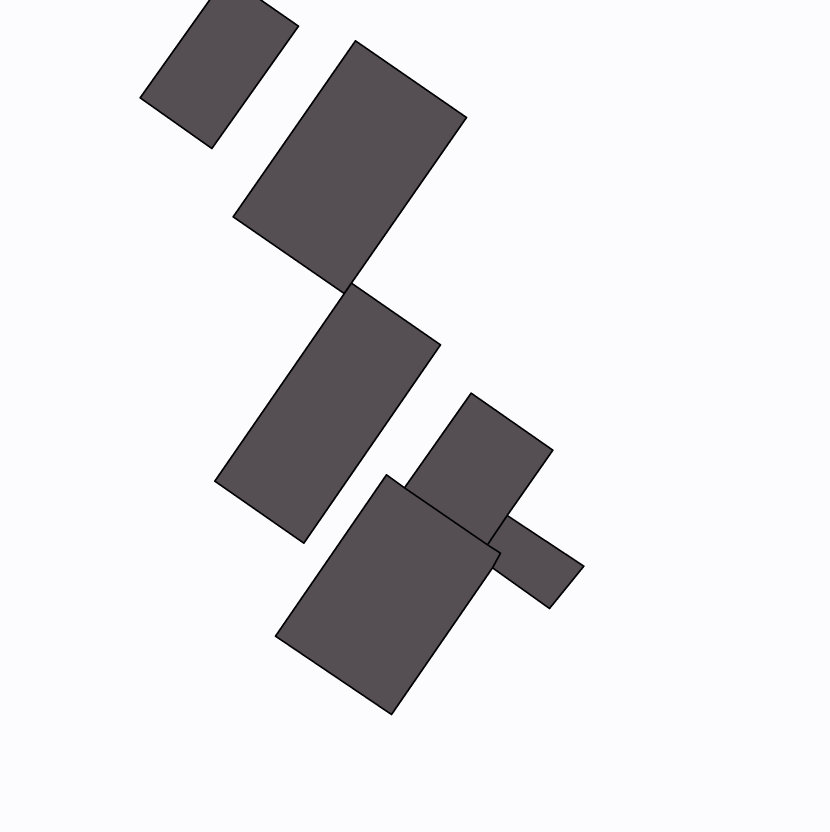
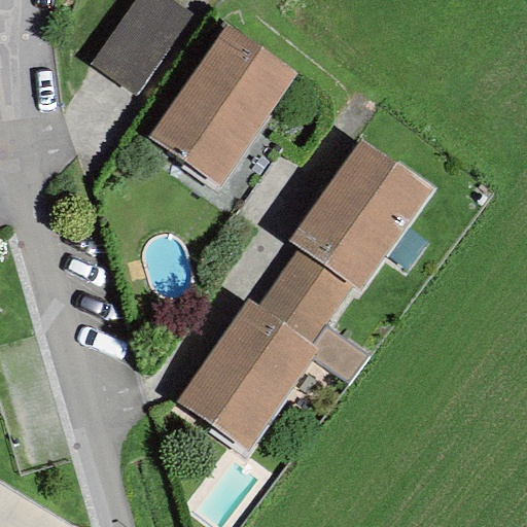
building: none -> [289,140,432,291]
building: [215,283,440,543] -> none

